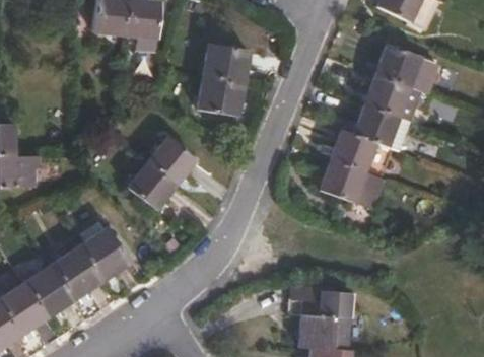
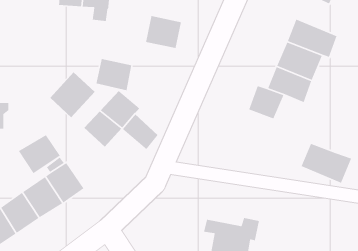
building: [200,77,246,118] -> [95,58,132,91]
building: none -> [49,72,95,118]
building: [323,160,387,211] -> [301,143,352,184]
building: none -> [122,114,159,150]
building: none -> [18,134,61,174]

